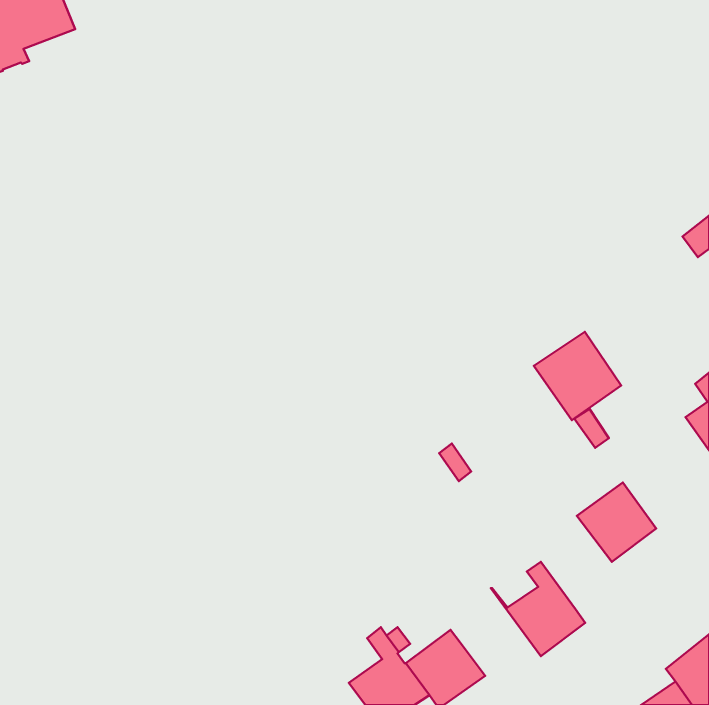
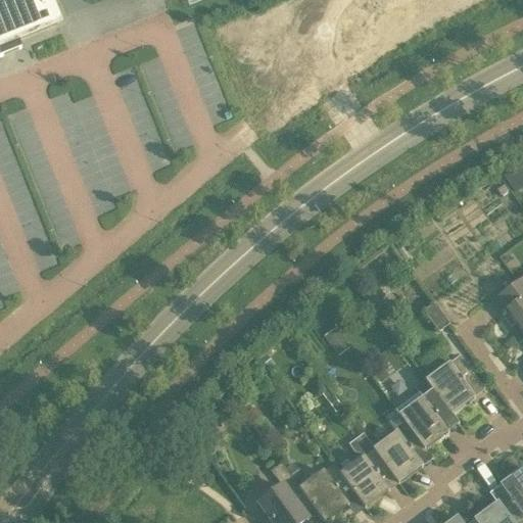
building: [534,332,621,420] -> none
building: none -> [393,379,457,447]
building: none -> [338,432,397,507]

